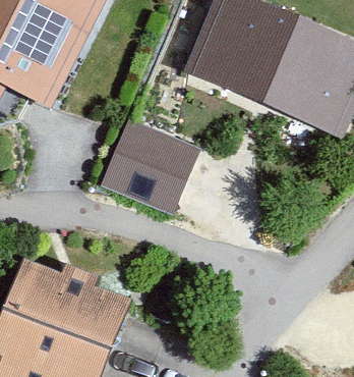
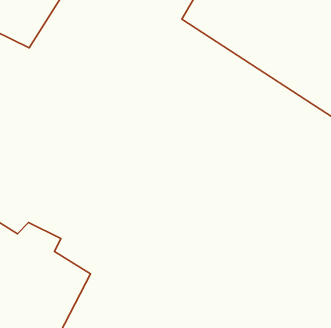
building: [99,113,208,217] -> none

